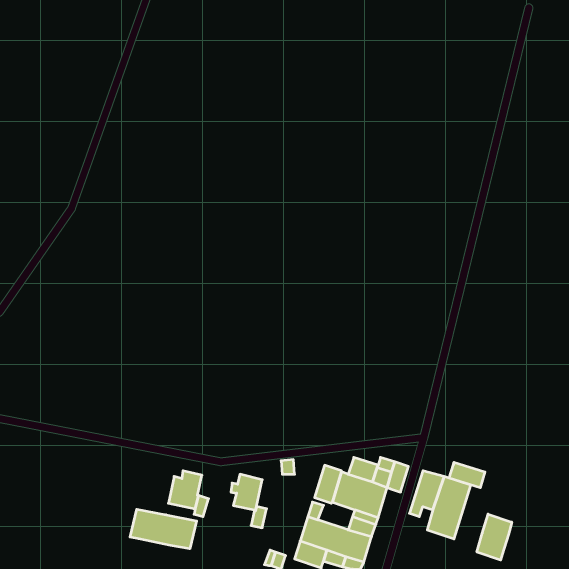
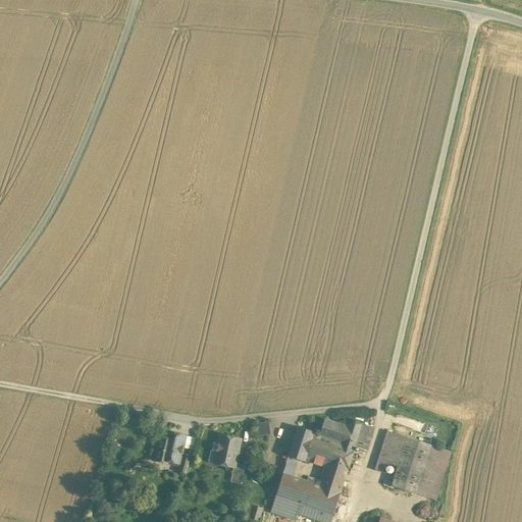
building: [449,462,485,488] -> none
building: [130,509,197,549] -> none
building: [477,514,512,560] -> none

